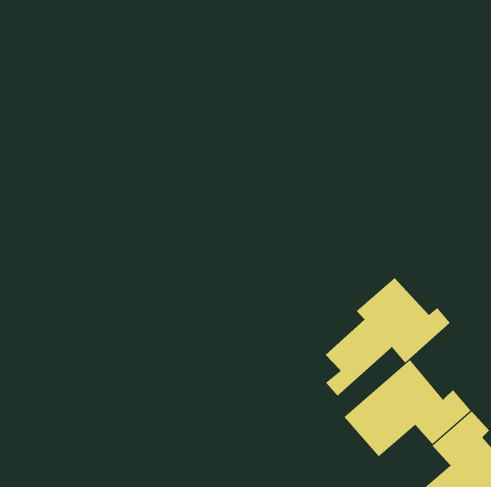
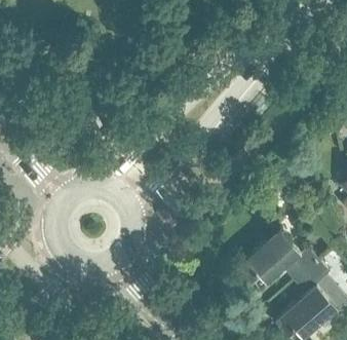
building: [325,277,451,397] -> none

